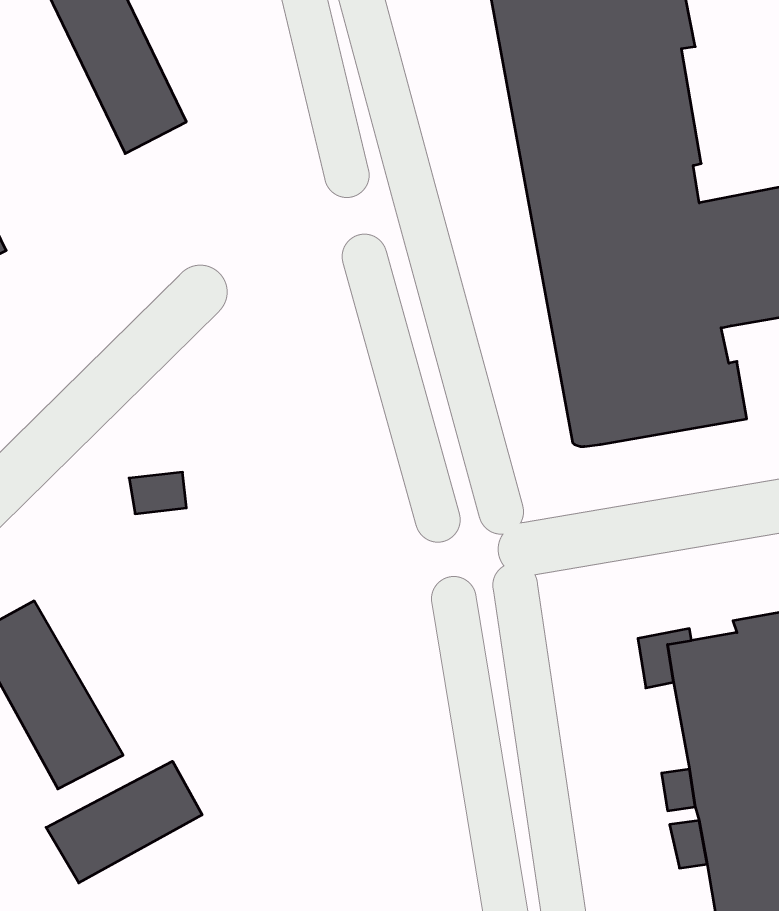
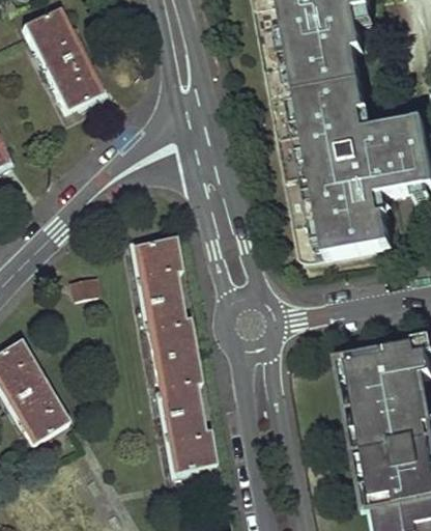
building: none -> [136,241,212,466]
building: [46,761,202,883] -> none

